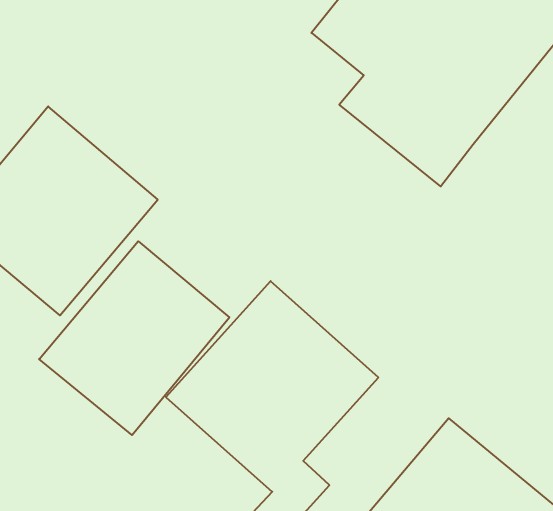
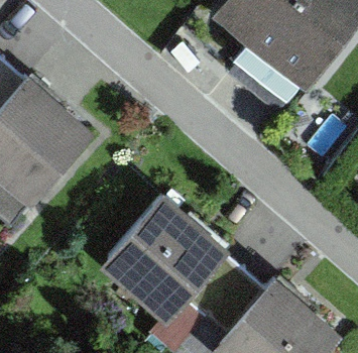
building: [39,241,229,435] -> none

